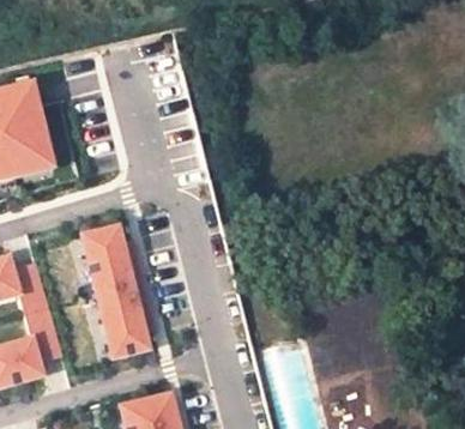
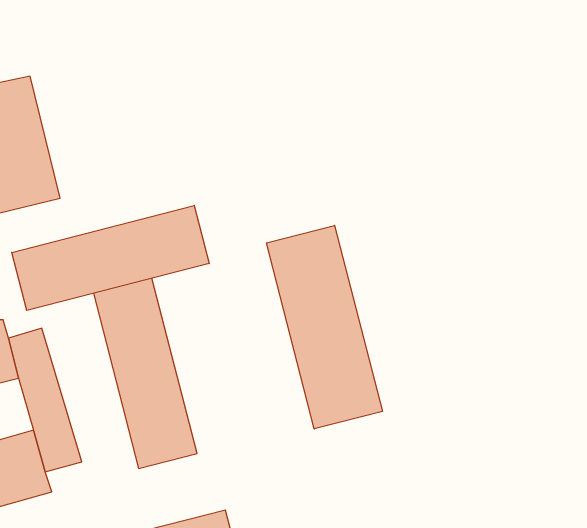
building: none -> [12,205,209,310]
building: none -> [266,225,382,429]

